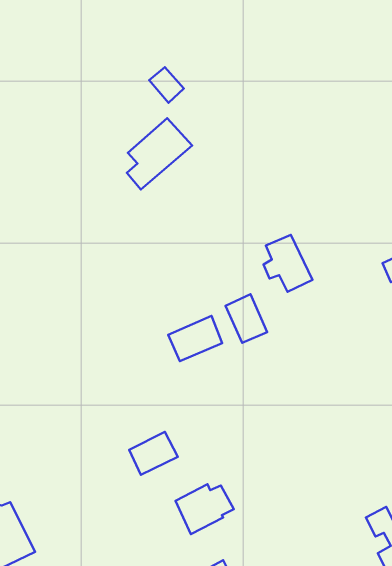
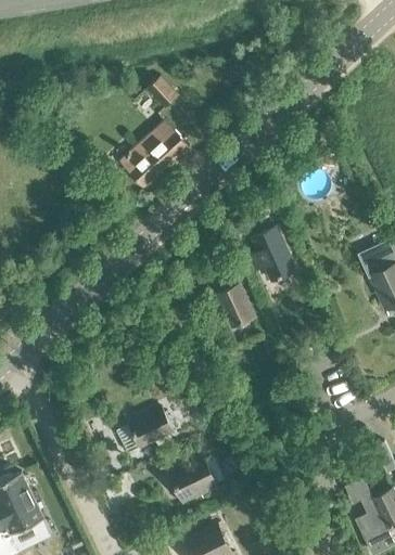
building: [168,316,222,361] -> none

